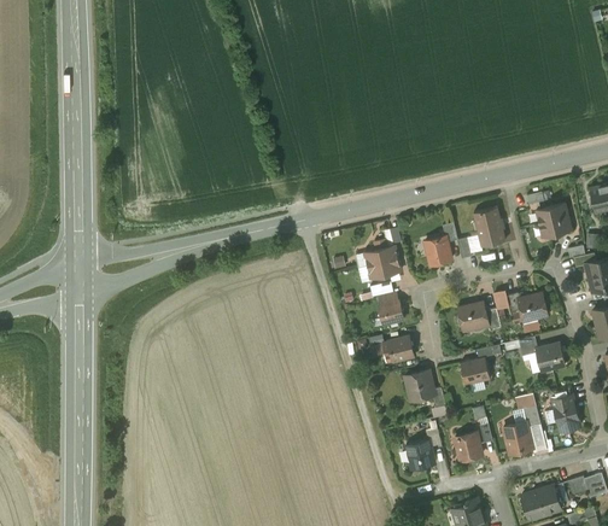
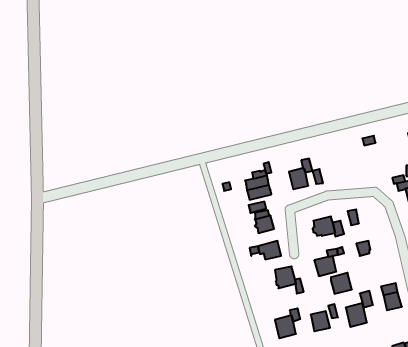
building: [536,204,571,238] -> none
building: [473,208,505,247] -> none
building: [519,294,546,321] -> none
building: [536,343,565,372] -> [331,273,352,294]

